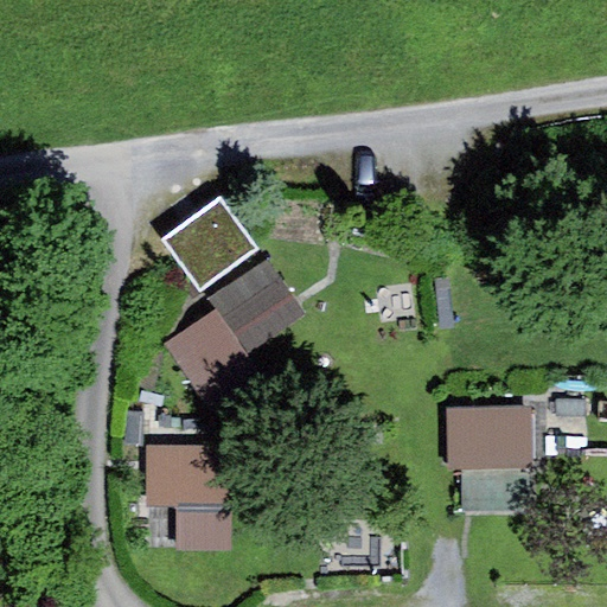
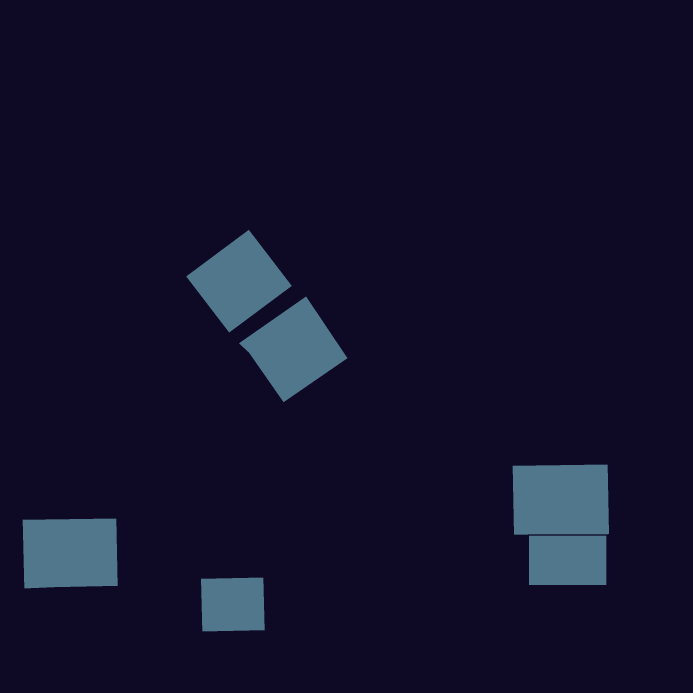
building: [164,307,264,413] -> none
building: [146,443,230,505] -> [22,518,119,589]

